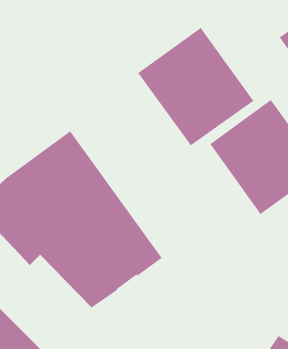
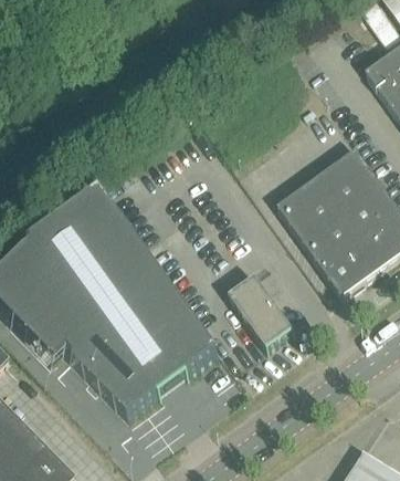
building: [138,27,254,146] -> none
building: none -> [225,275,291,348]

